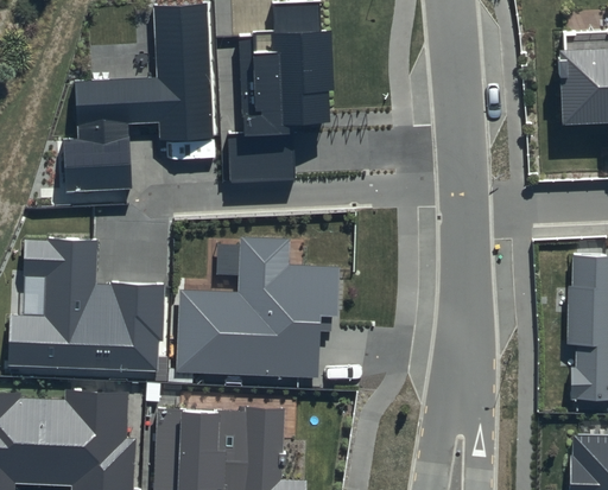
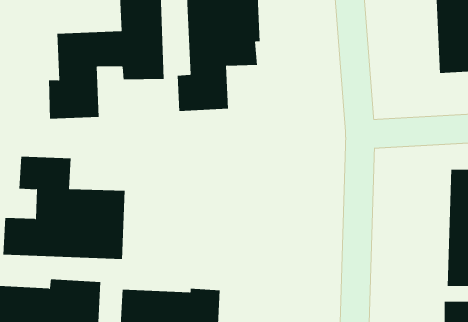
building: [180,241,330,381] -> none

